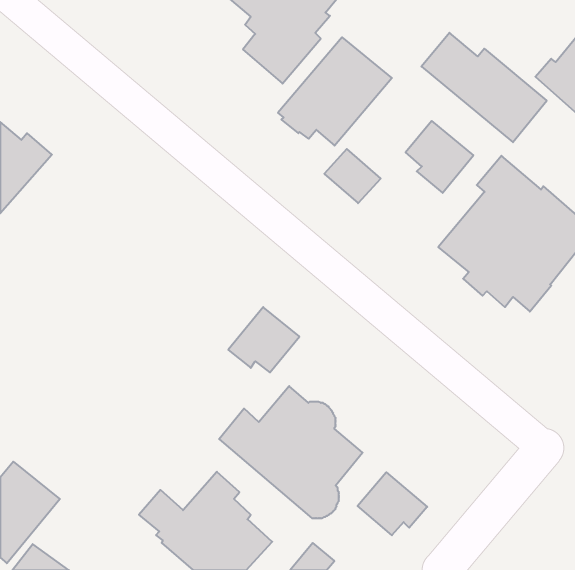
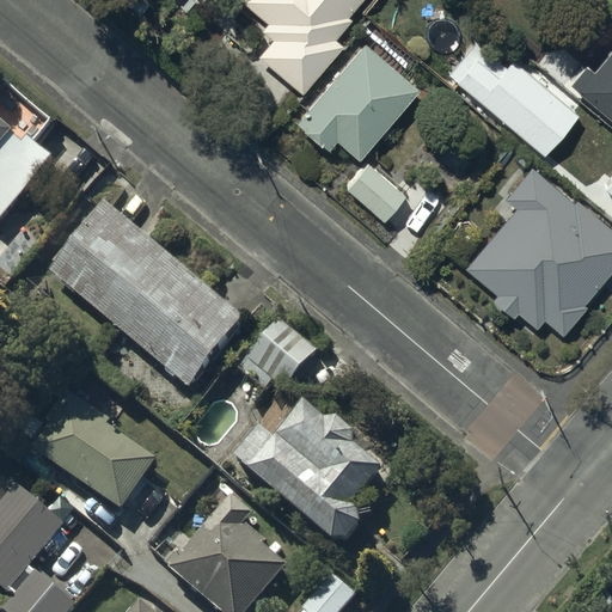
building: [406,121,473,193] -> none
building: none -> [53,212,244,391]
building: none -> [36,393,158,513]
building: [358,472,427,535] -> none

